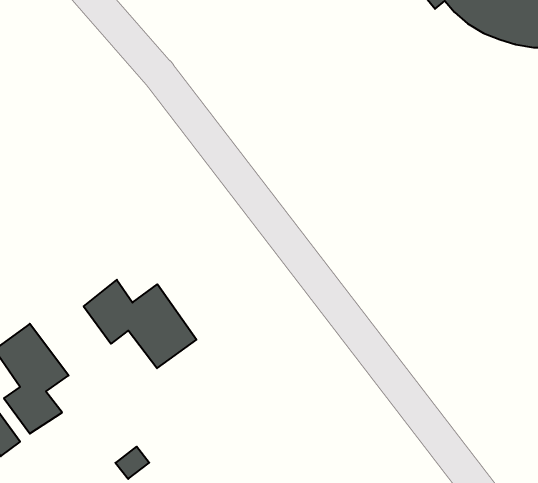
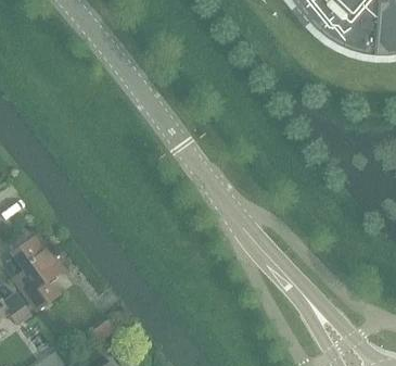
building: [84,280,196,368] -> none

